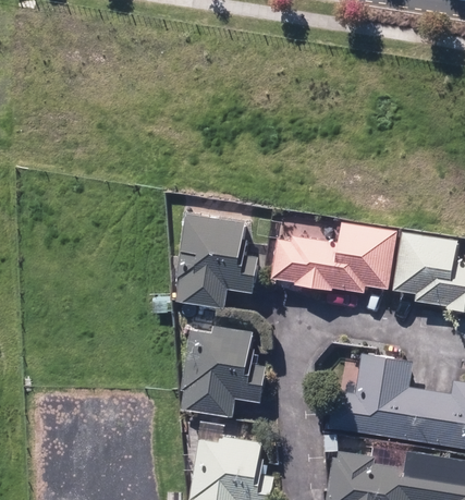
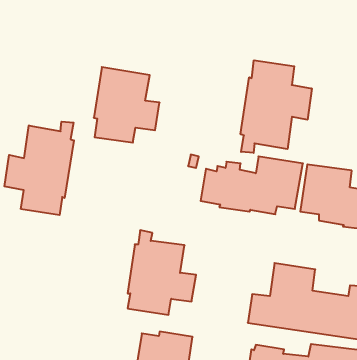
building: none -> [241,60,312,153]
building: none -> [4,122,74,215]
building: [175,215,256,307] -> [94,67,160,143]

